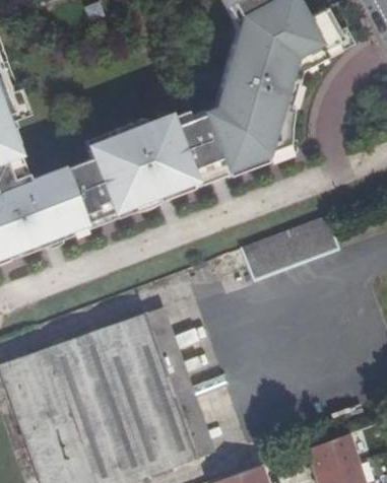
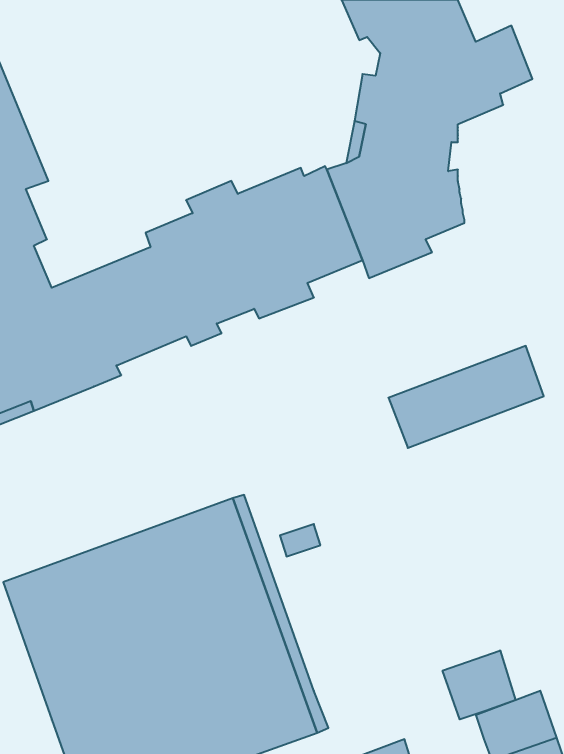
building: none -> [443,650,516,719]

